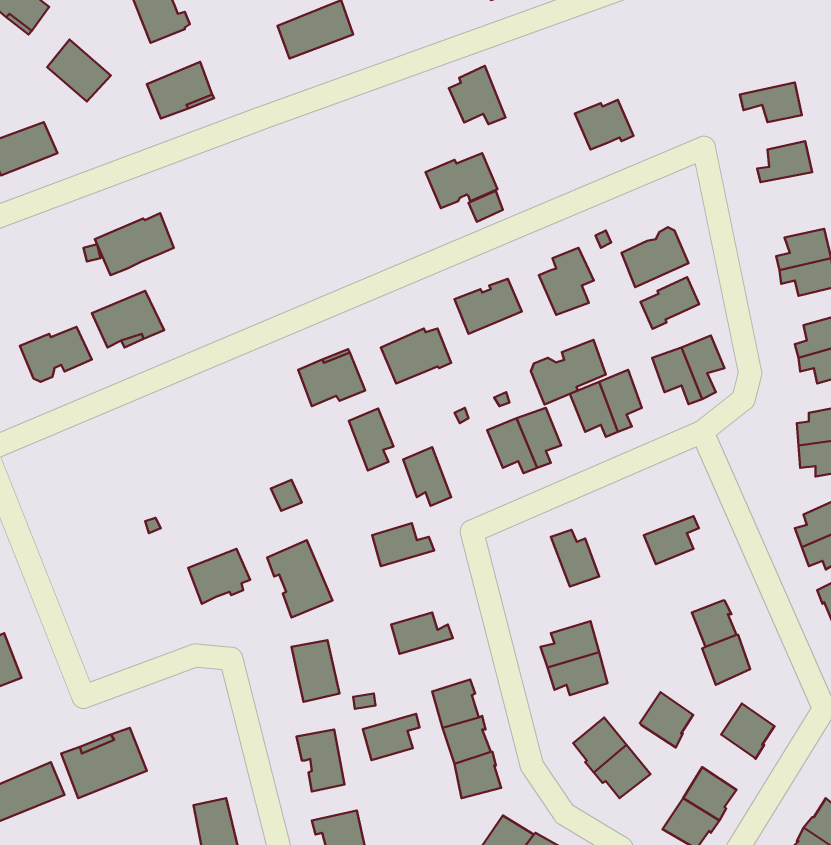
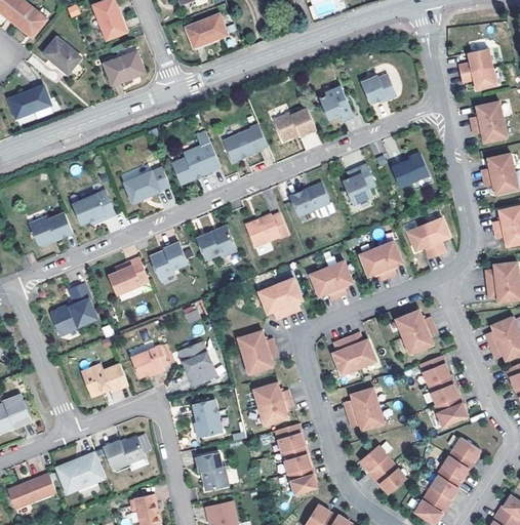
building: none -> [457,48,492,74]
building: [449,66,506,124] -> [318,86,352,121]
building: none -> [472,120,507,143]
building: none -> [222,125,266,163]
building: none -> [170,142,219,185]
building: [95,213,174,275] -> [122,166,169,203]
building: [640,277,699,329] -> none
building: [531,340,606,405] -> none
building: none -> [149,241,187,279]
building: none -> [107,257,149,295]
building: [349,409,394,471] -> [276,277,303,314]
building: none -> [50,283,96,332]
building: none -> [395,310,432,336]
building: none -> [331,337,358,374]
building: none -> [245,346,279,372]
building: none -> [423,355,449,382]
building: none -> [82,362,128,398]
building: [640,692,693,747] -> [436,455,468,488]
building: none -> [103,436,145,468]
building: [363,714,420,760] -> [256,398,290,426]

